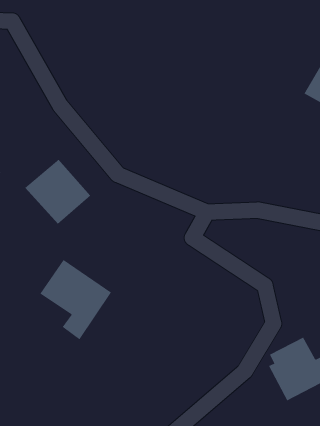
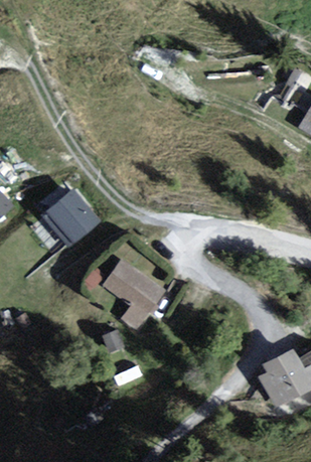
building: [40,259,112,340] -> [101,257,166,330]

